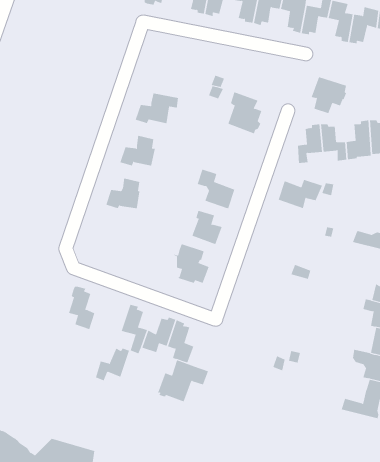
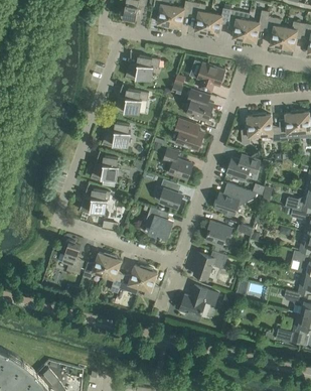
building: none -> [125,55,160,80]
building: [311,77,347,114] -> [196,62,224,92]
building: none -> [174,119,203,150]
building: none -> [213,182,261,215]
building: none -> [79,188,110,213]
building: none -> [204,221,232,246]
building: none -> [192,250,227,279]
building: [95,348,130,381] -> [83,252,110,278]
building: [157,360,209,402] -> [178,284,218,317]

